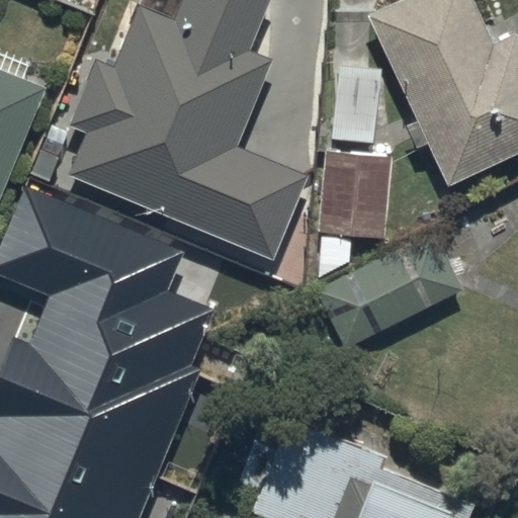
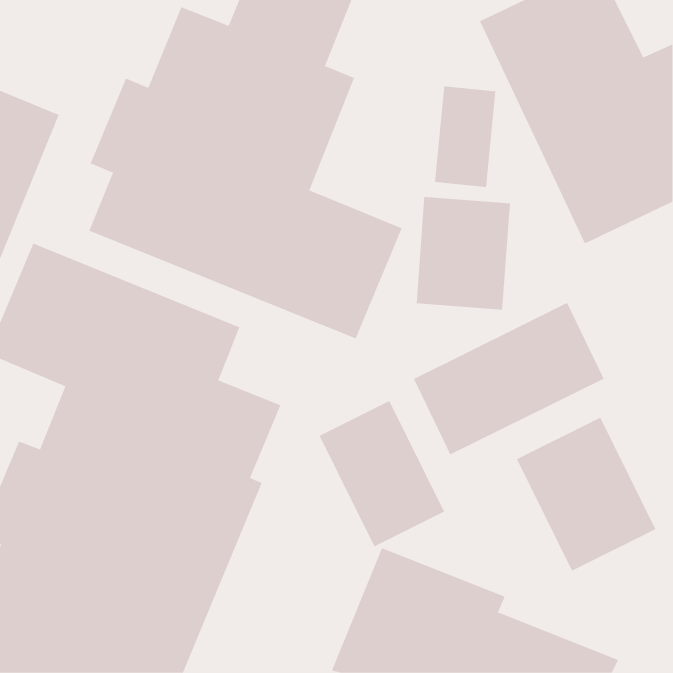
building: none -> [319,400,445,547]
building: none -> [516,417,656,572]

